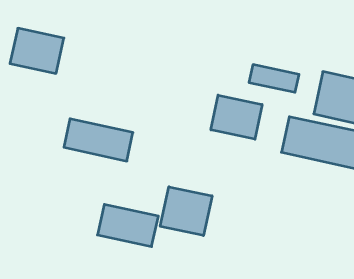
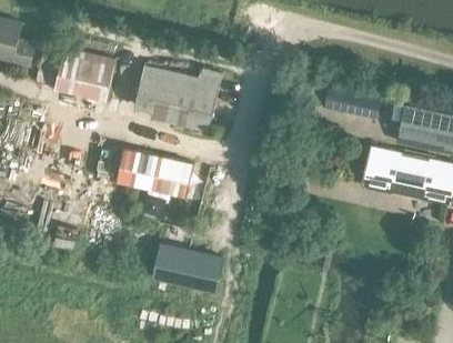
building: none -> [134,64,222,131]
building: [211,95,262,139] -> none
building: [160,187,212,236] -> none

